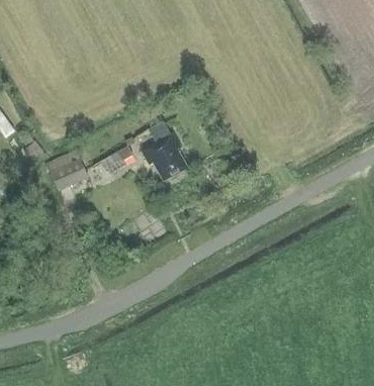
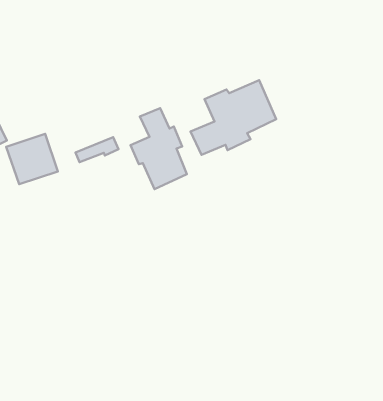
building: none -> [190,80,276,155]

